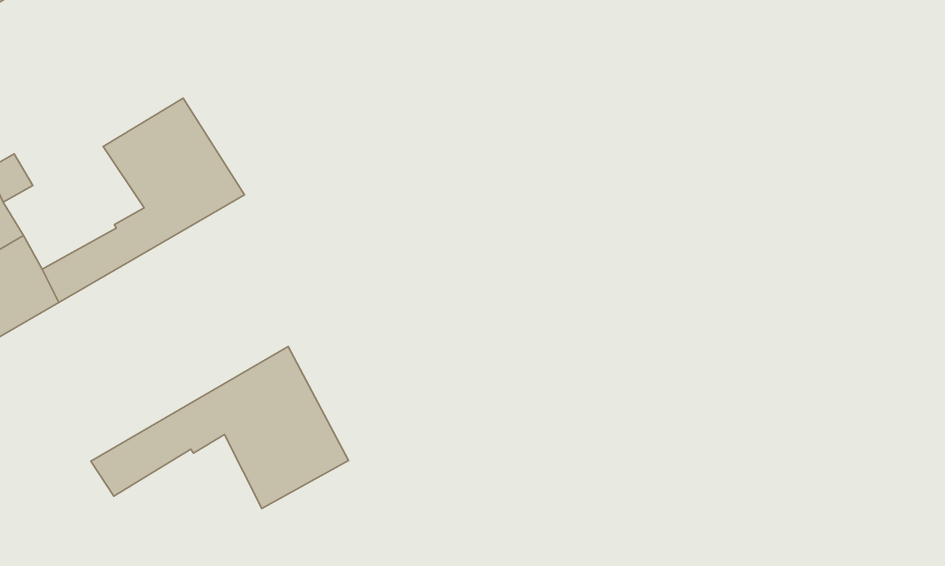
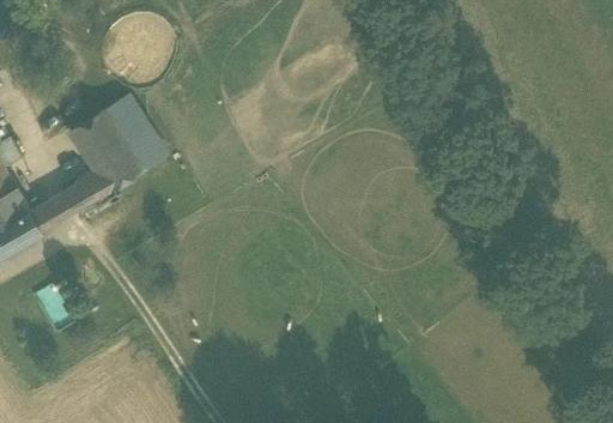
building: [91,347,348,509] -> none

